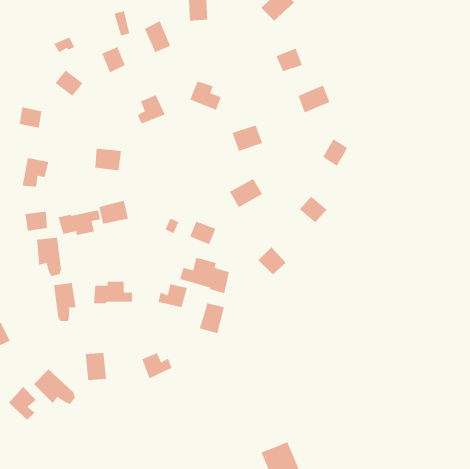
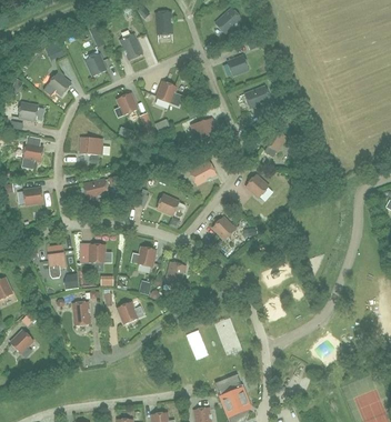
building: [58,209,101,236] -> none
building: [36,237,62,277] -> none
building: [179,257,230,294] -> none
building: [33,368,76,405] -> none

